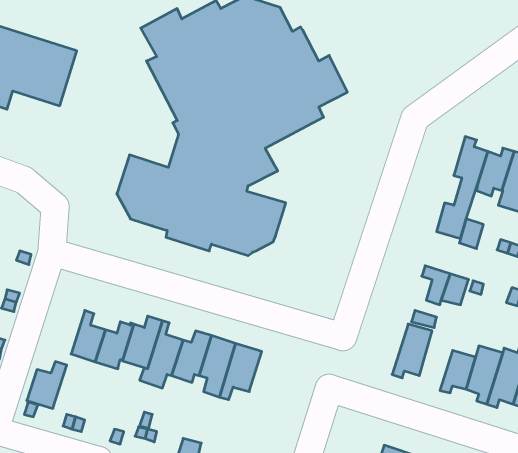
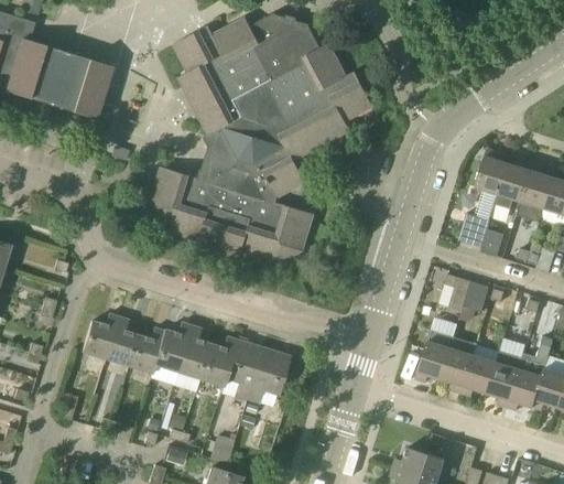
building: none -> [443,336,478,394]
building: [27,362,67,408] -> [82,313,120,358]

